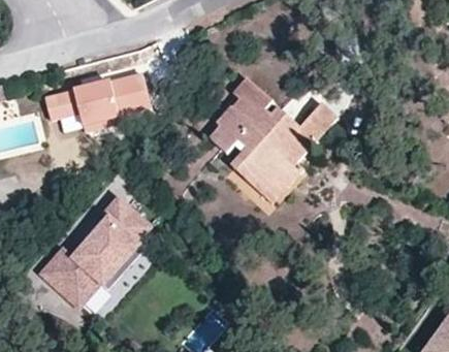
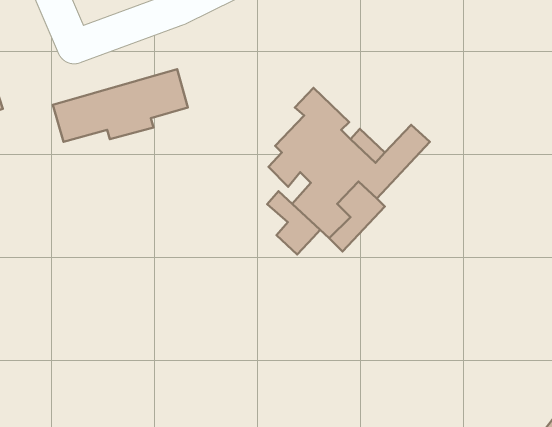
building: none -> [267,191,320,254]
building: [33,194,152,310] -> none

